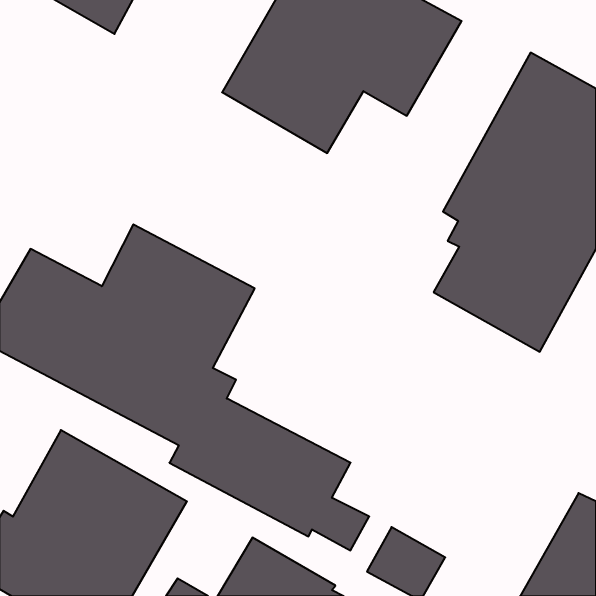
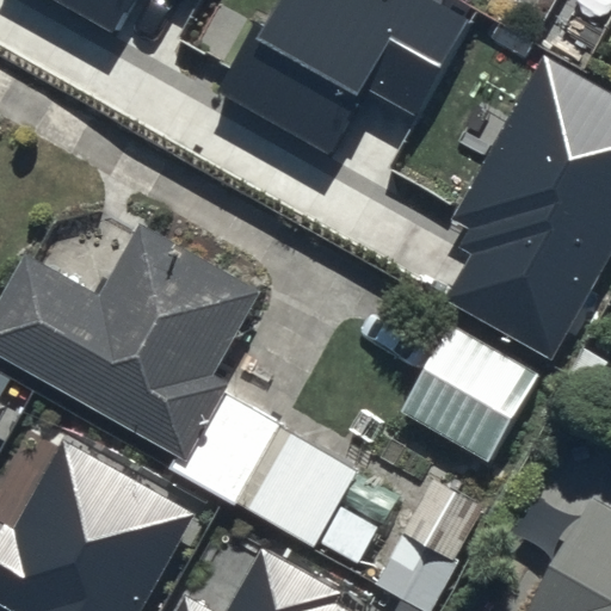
building: none -> [401,328,536,459]

